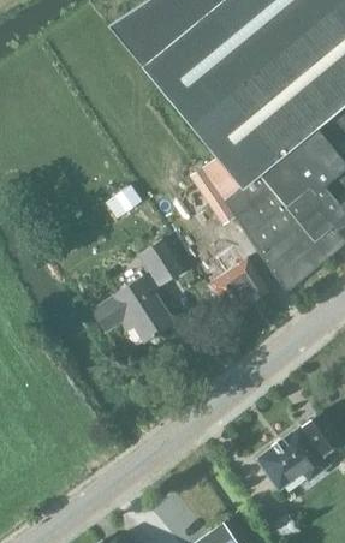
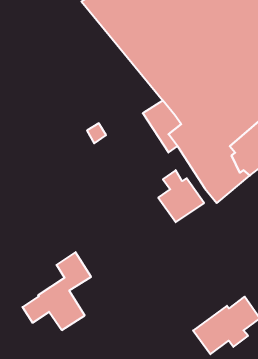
building: [93,239,183,341] -> [22,252,91,330]

